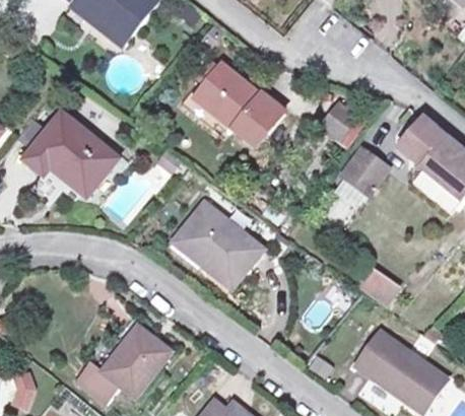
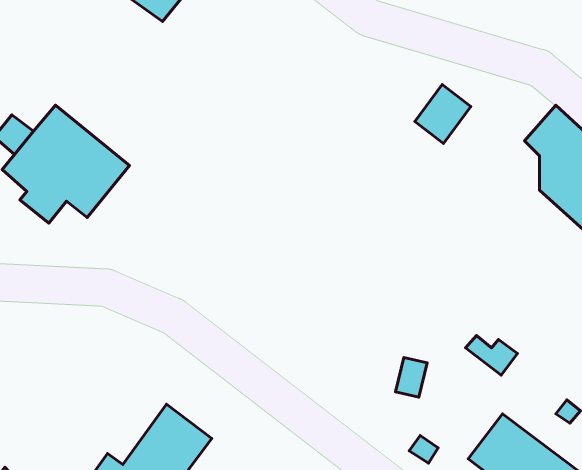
building: [198,66,278,141] -> none
building: [338,137,391,190] -> none
building: [178,205,261,288] -> none

